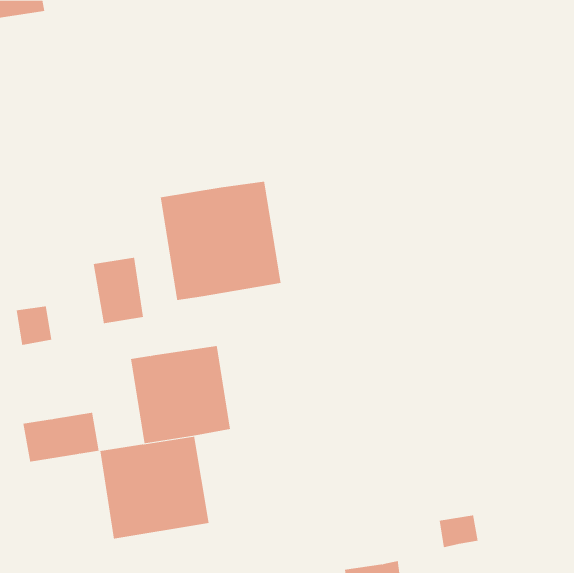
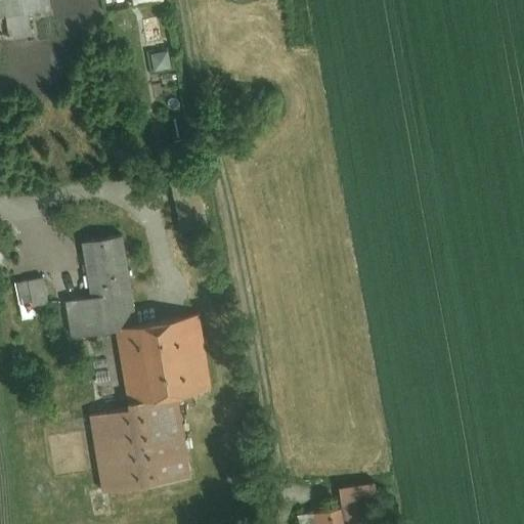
building: [160,181,281,301] -> none
building: [23,412,100,462] -> [67,292,136,337]
building: [439,515,478,548] -> [342,485,378,515]

